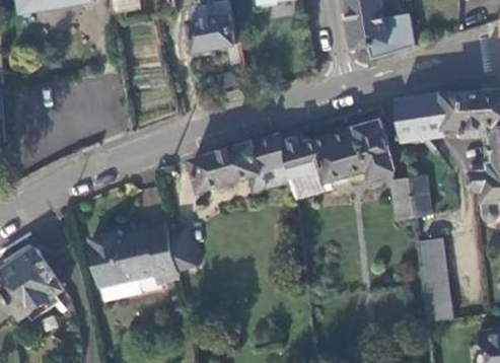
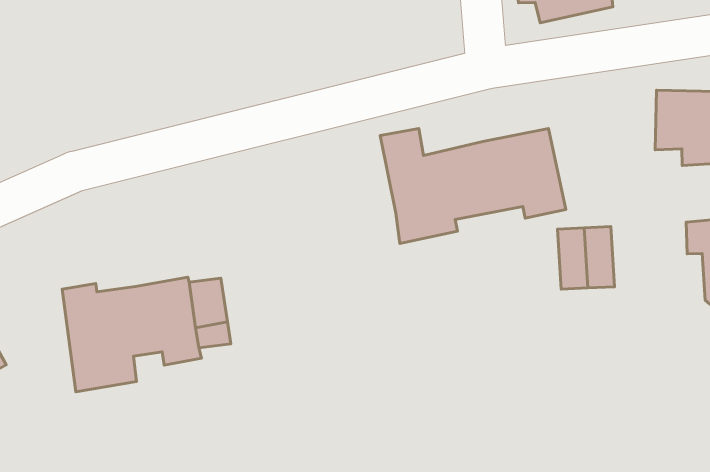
building: [396,93,446,143] -> none
building: [190,134,291,192] -> none
building: [416,238,452,321] -> none

